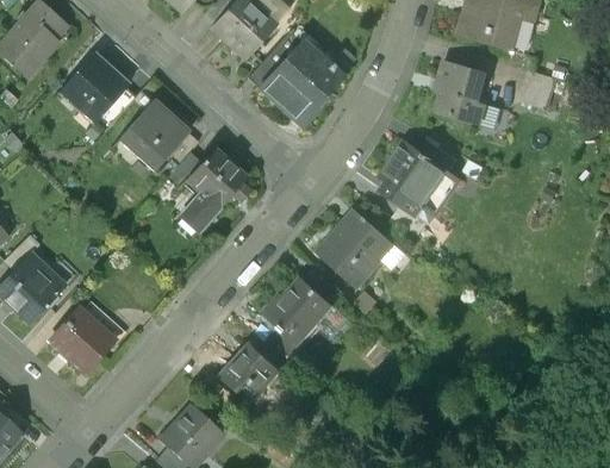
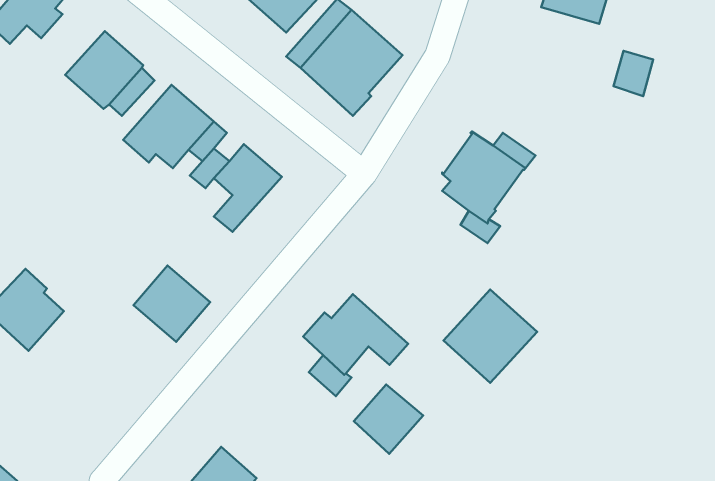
building: [436,61,486,125] -> none
building: [317,208,396,287] -> [444,289,537,383]
building: [50,308,114,373] -> [134,265,210,342]
building: [220,344,279,403] -> [354,384,423,454]

